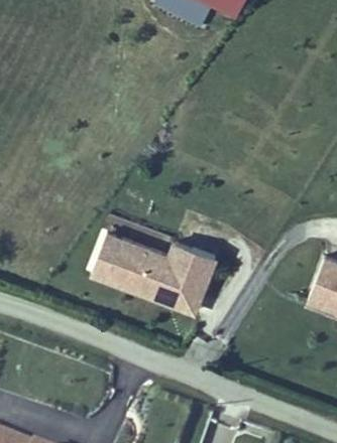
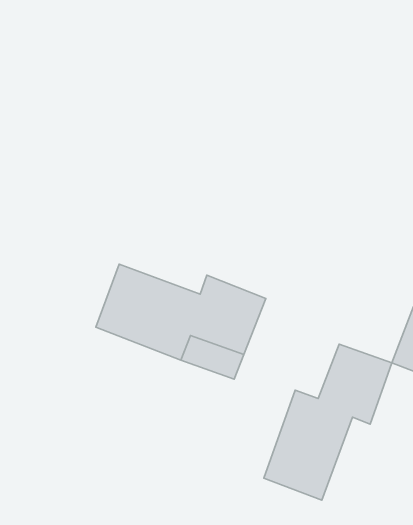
building: none -> [264,344,392,500]

